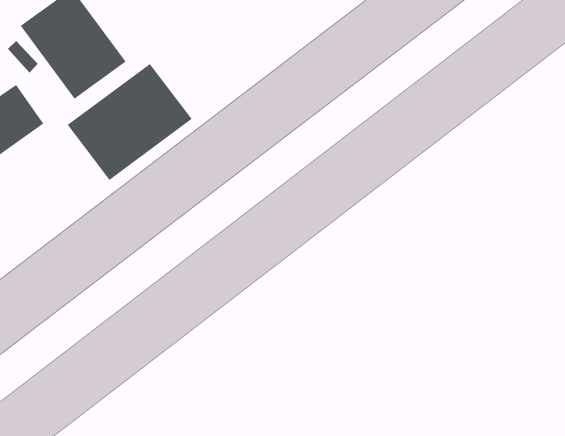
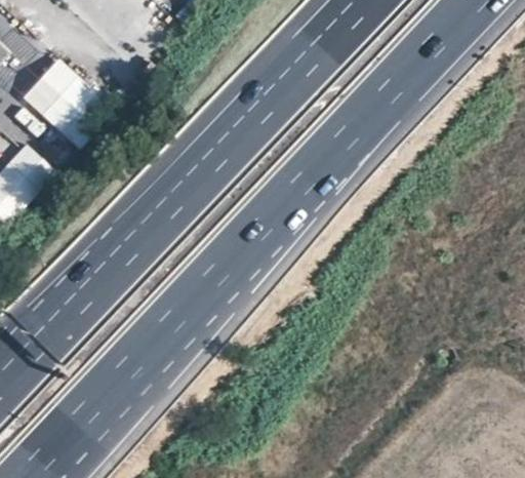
building: [67,63,192,181] -> none

